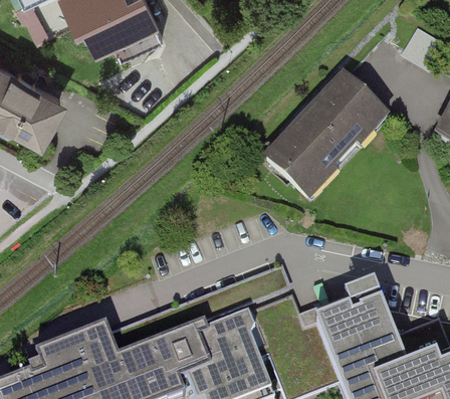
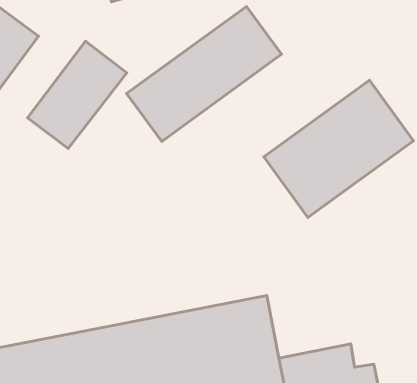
building: none -> [127,6,282,141]
building: none -> [27,41,127,149]

